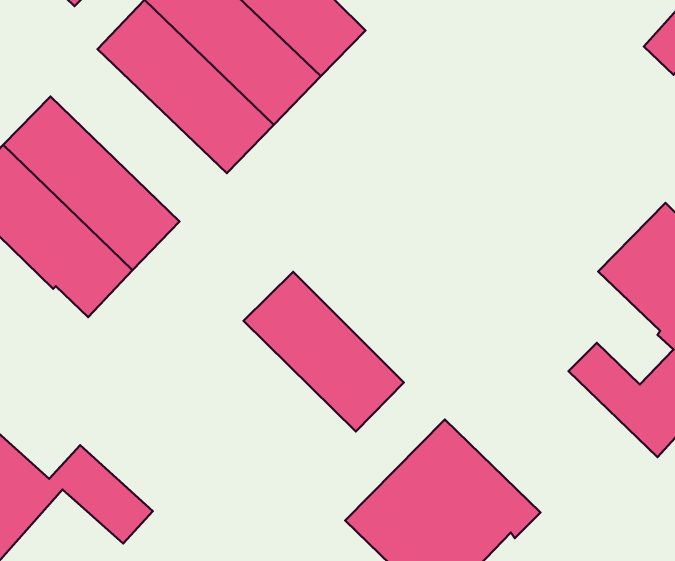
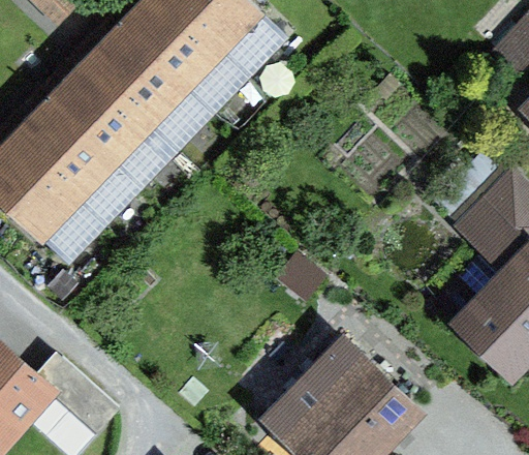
building: none -> [40,59,176,191]
building: [244,272,404,431] -> none

